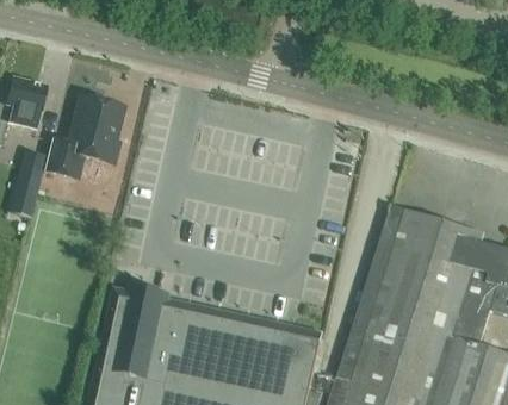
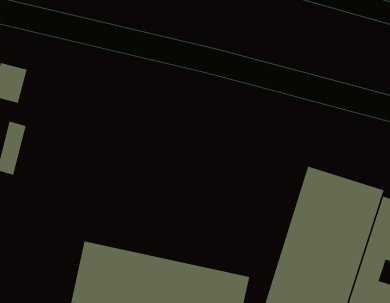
building: [44,95,123,179] -> none

